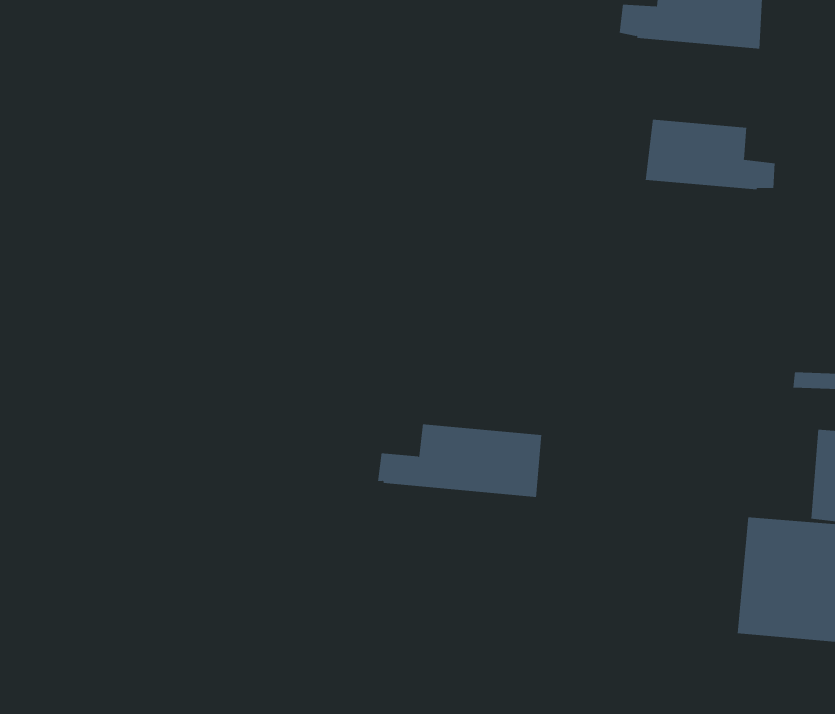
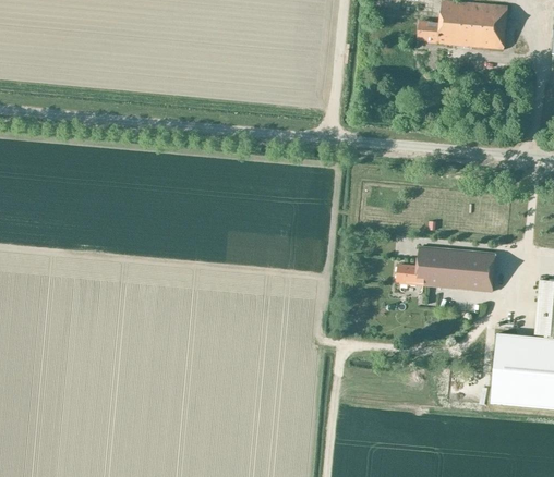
building: [645,119,775,190] -> none
building: [377,424,542,497] -> [397,246,497,291]

